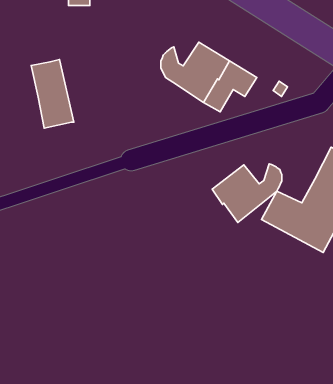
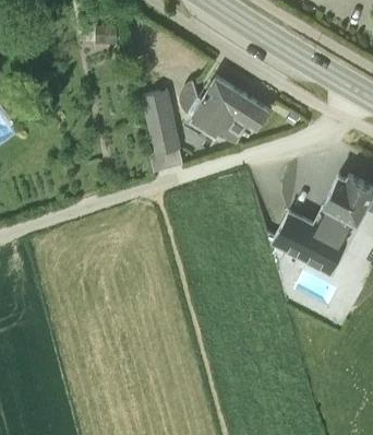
building: [31,59,74,128] -> [142,92,181,155]
building: [212,164,282,222] -> none

